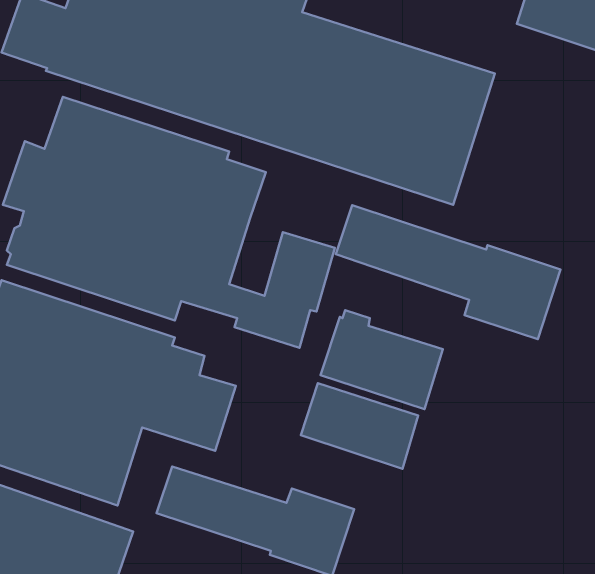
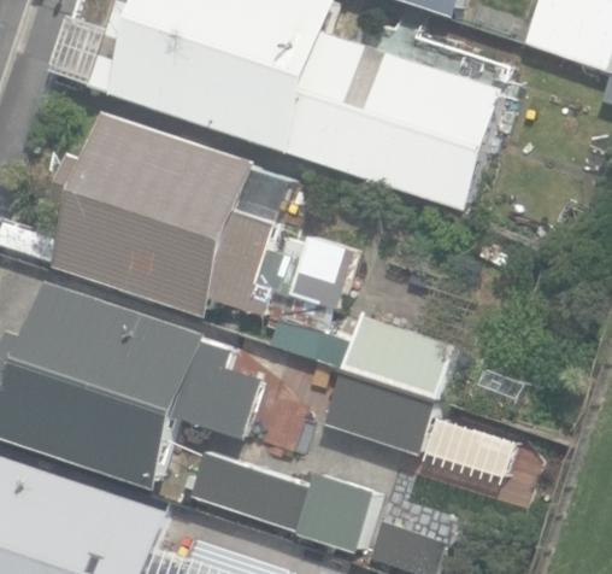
building: [336,205,561,339] -> none

